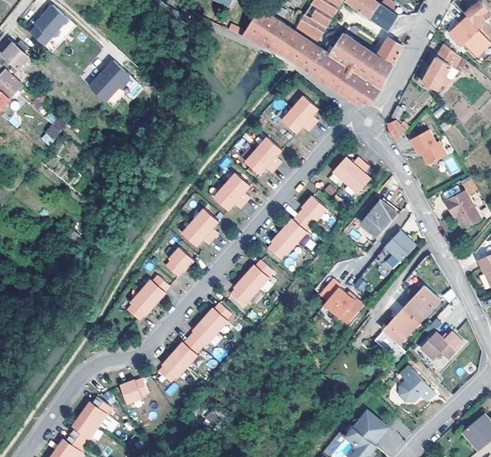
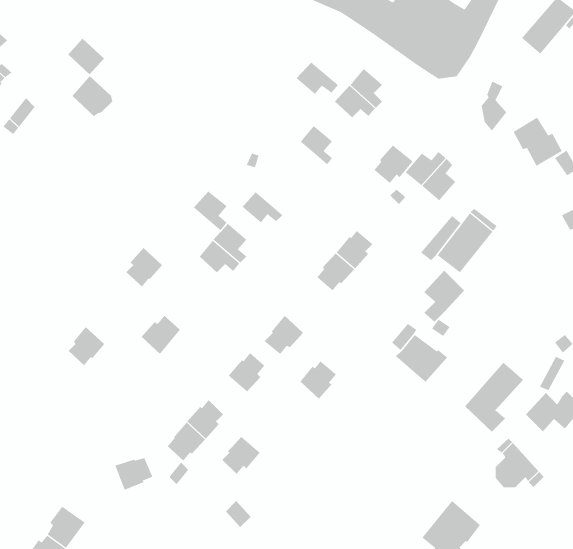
building: [99,60,129,90] -> [72,75,113,117]
building: [245,150,276,174] -> [296,62,339,95]
building: [224,174,249,203] -> [193,191,228,231]
building: [297,196,326,224] -> [373,145,414,184]
building: [383,231,413,269] -> [423,270,465,322]
building: [167,247,194,276] -> [126,247,163,287]
building: [245,260,272,288] -> [299,361,337,399]
building: [403,286,438,322] -> none
building: [128,291,155,320] -> [68,326,105,366]
building: [190,319,218,347] -> [222,436,260,475]
building: [84,396,114,425] -> none

